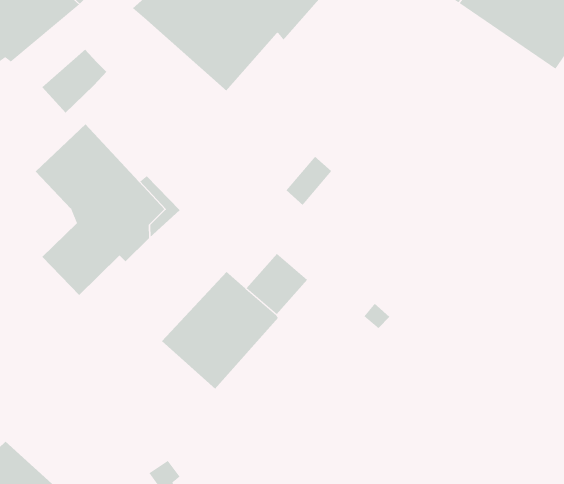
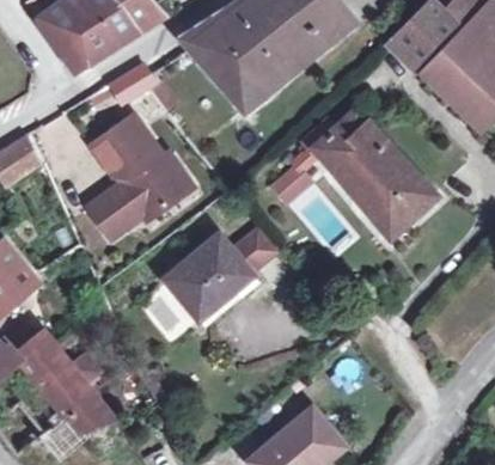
building: none -> [314,109,436,237]

